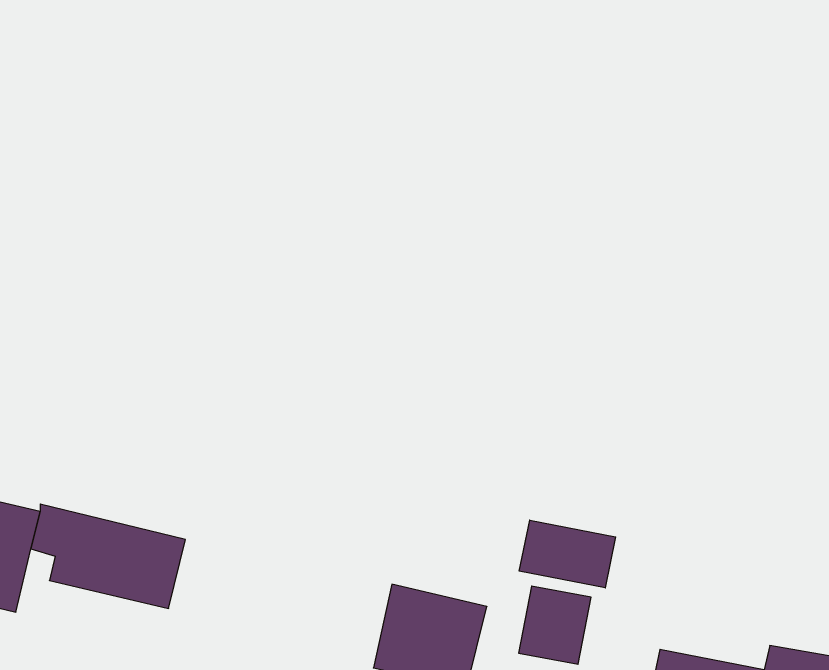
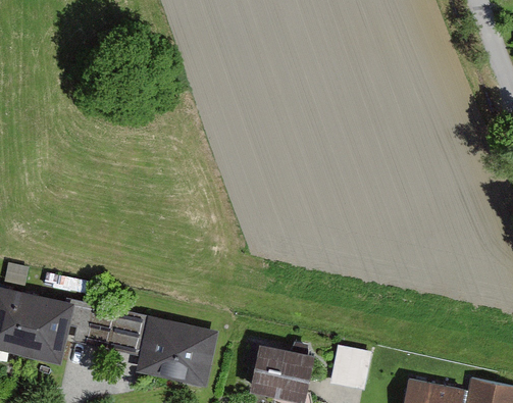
building: [519,520,616,588] -> none
building: none -> [137,319,216,386]

